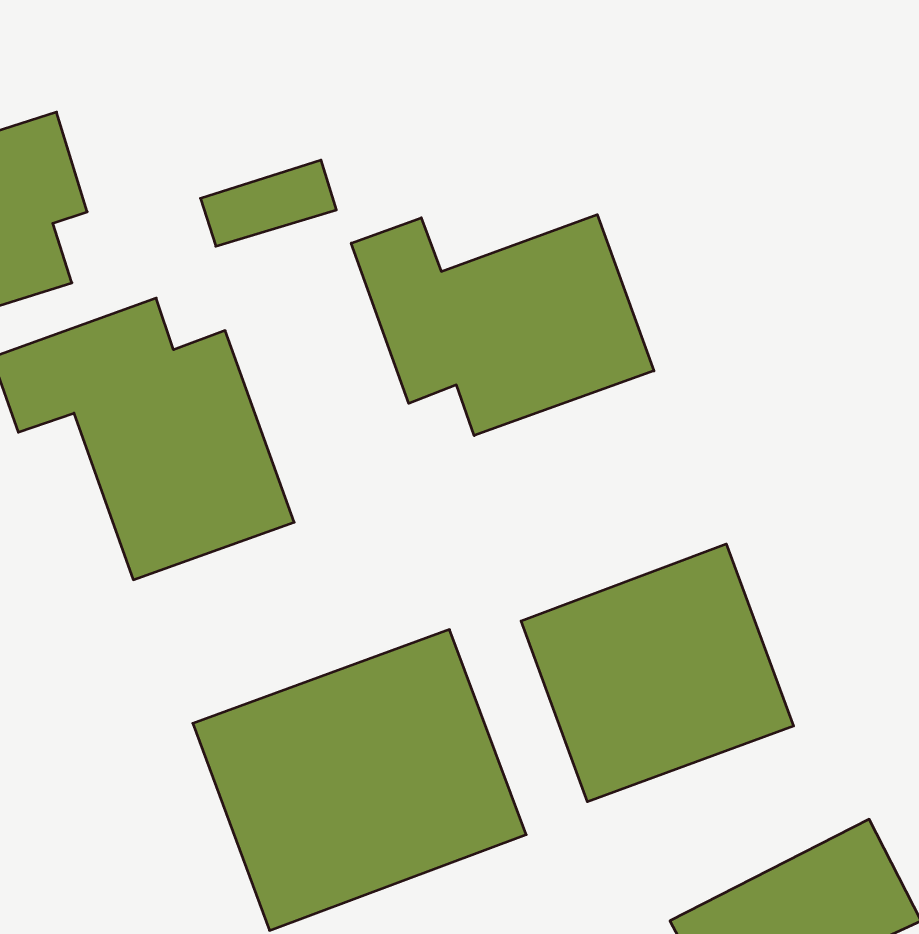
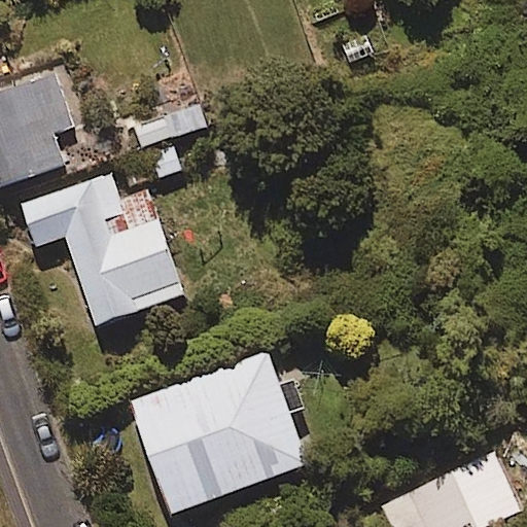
building: [351,215,654,436] -> none
building: [521,544,794,802] -> none

